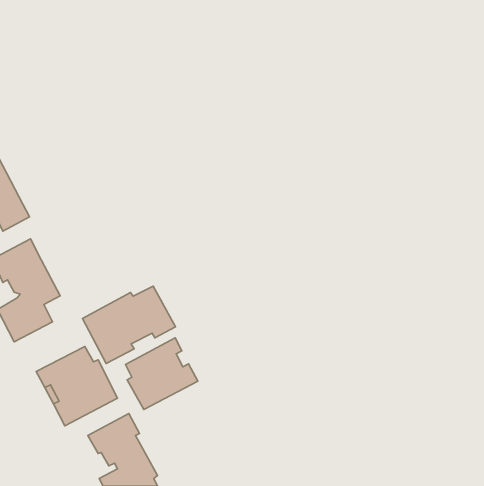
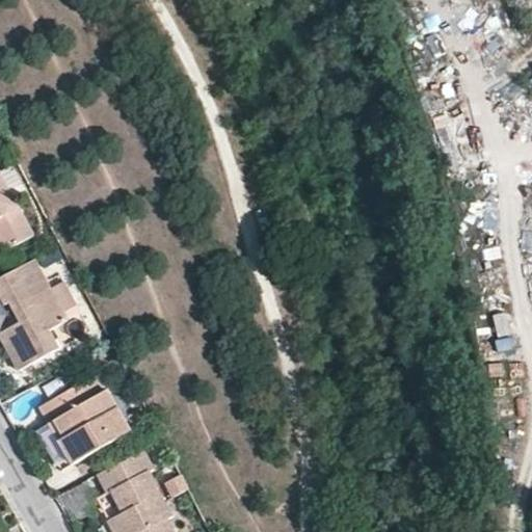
building: [82,286,176,364] -> none
building: [126,338,198,410] -> none

